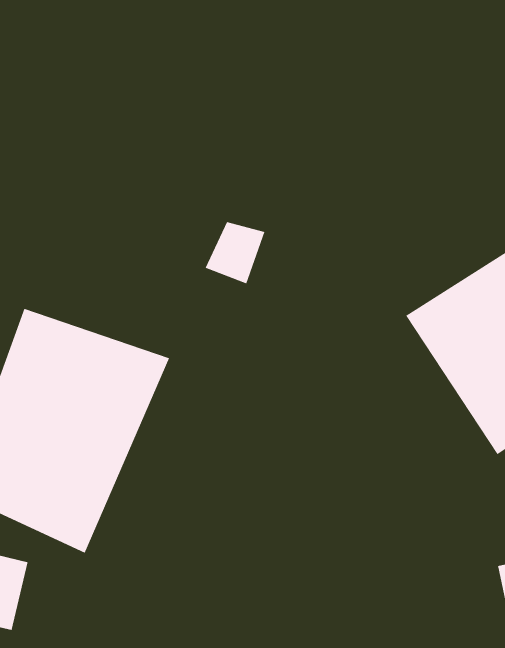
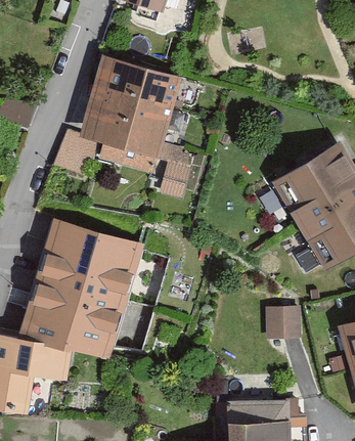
building: none -> [81,59,182,161]
building: none -> [262,310,298,344]

